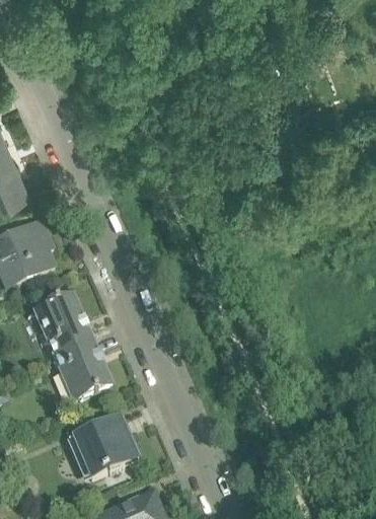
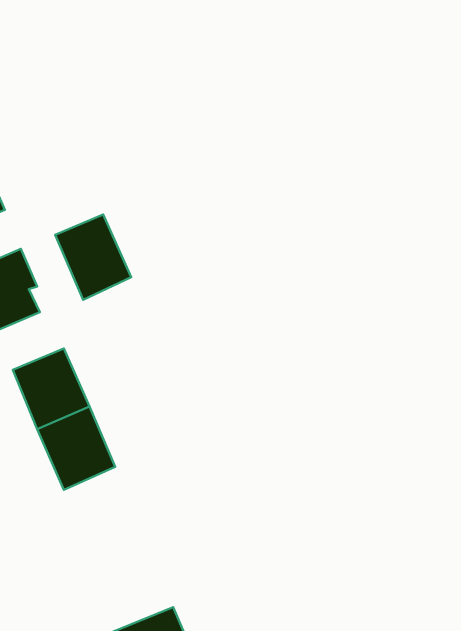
building: none -> [55,214,131,300]
building: [67,421,137,478] -> none

